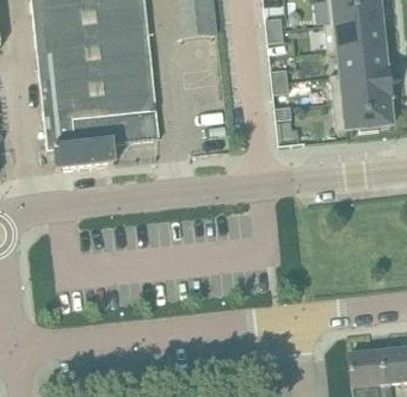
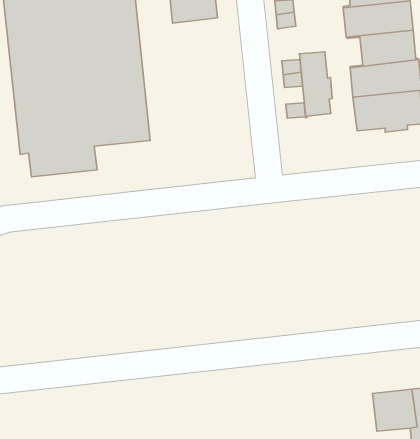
building: none -> [299,52,332,118]

